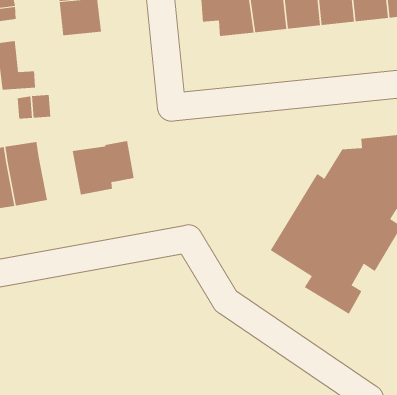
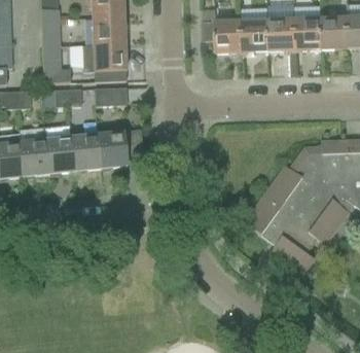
building: none -> [82,42,127,80]
building: none -> [96,87,128,106]
building: none -> [70,134,100,171]

